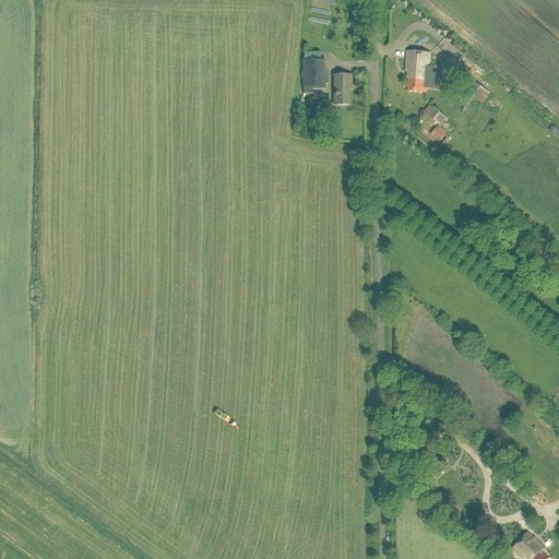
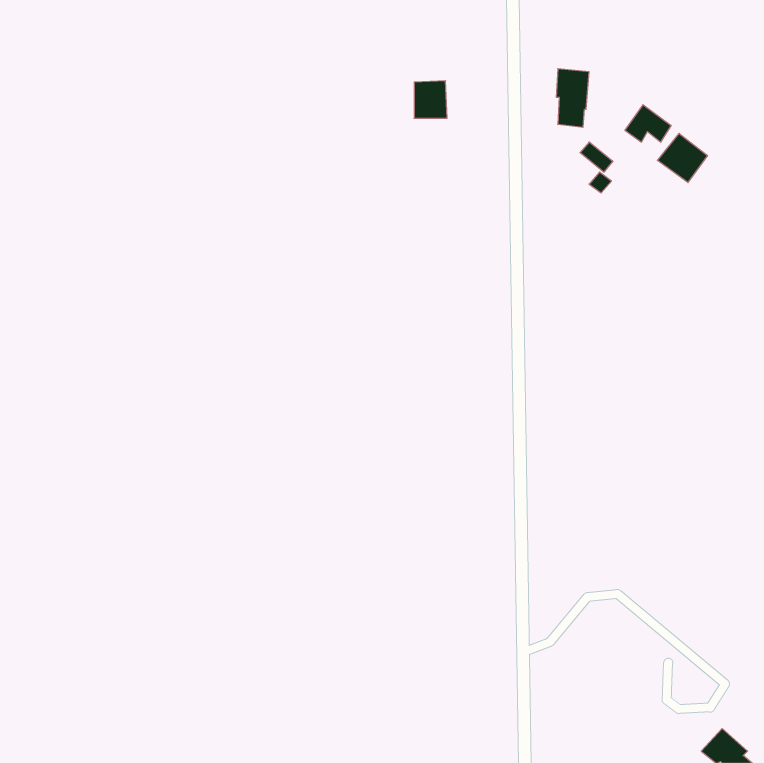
building: [333,74,352,105] -> none
building: none -> [657,133,708,183]

